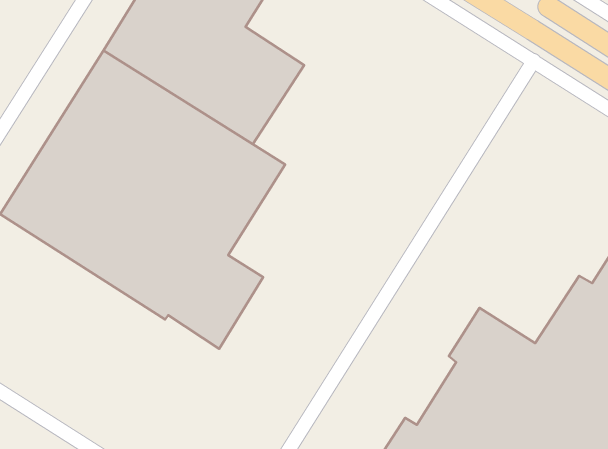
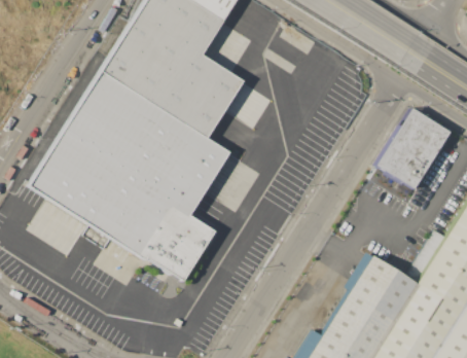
building: none -> [378,108,453,196]

